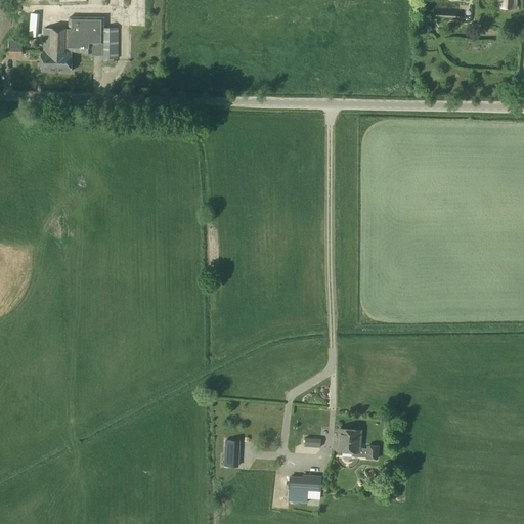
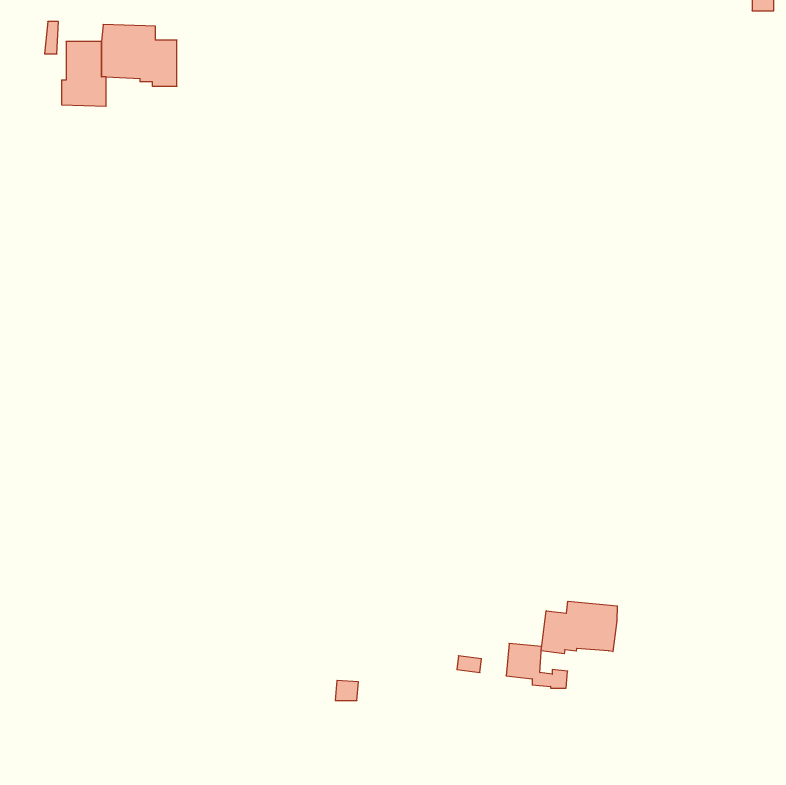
building: none -> [541,601,617,654]
building: [289,474,321,497] -> none

